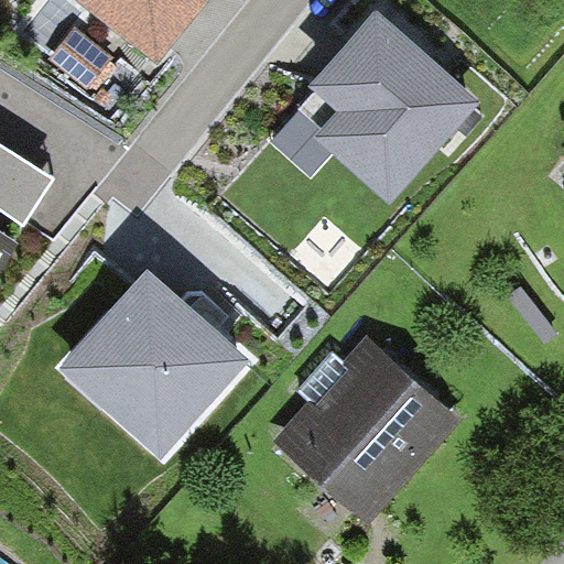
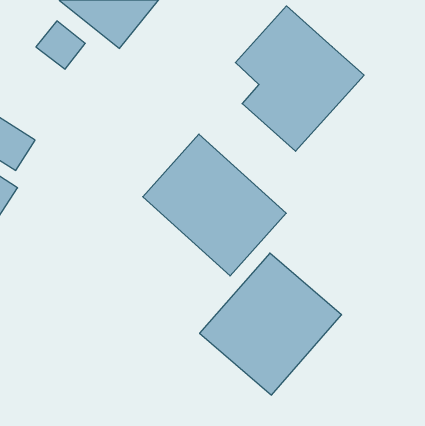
building: none -> [143,134,286,276]
building: [56,263,251,458] -> none

